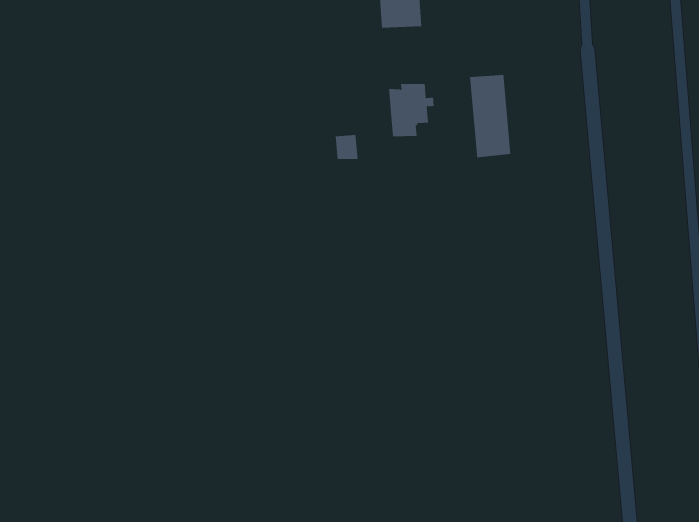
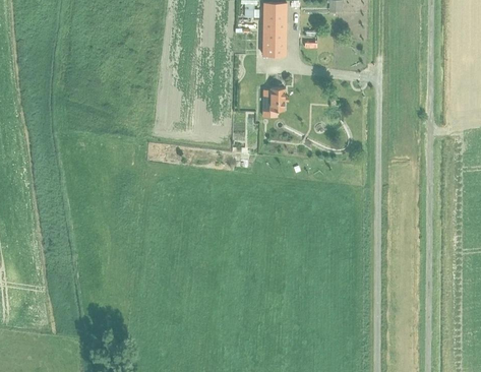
building: [470,74,511,158] -> none

